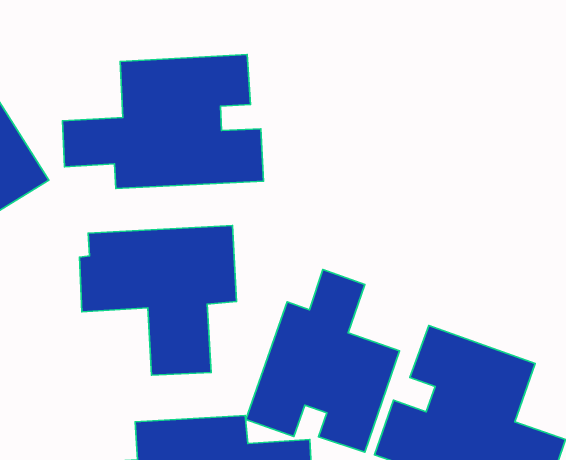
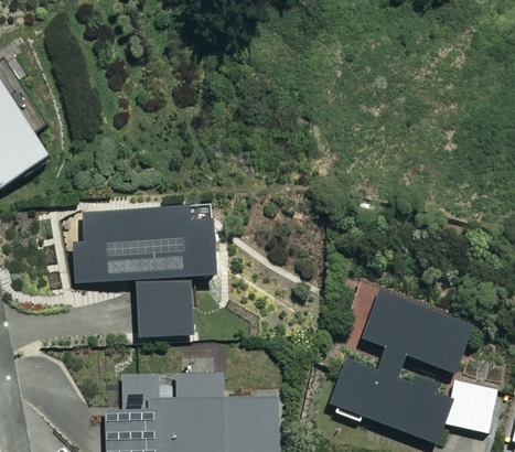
building: [63,54,263,188] -> none
building: [246,270,399,452] -> none

